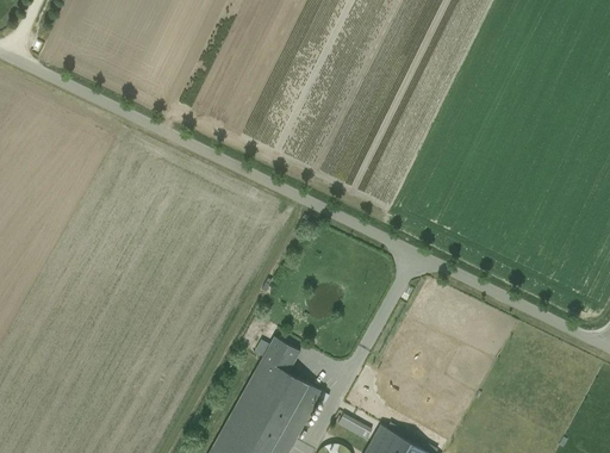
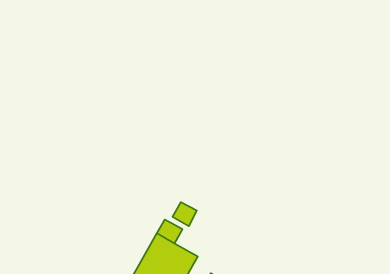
building: none -> [172,202,197,226]

